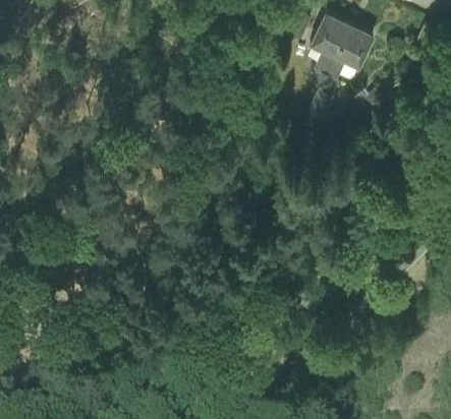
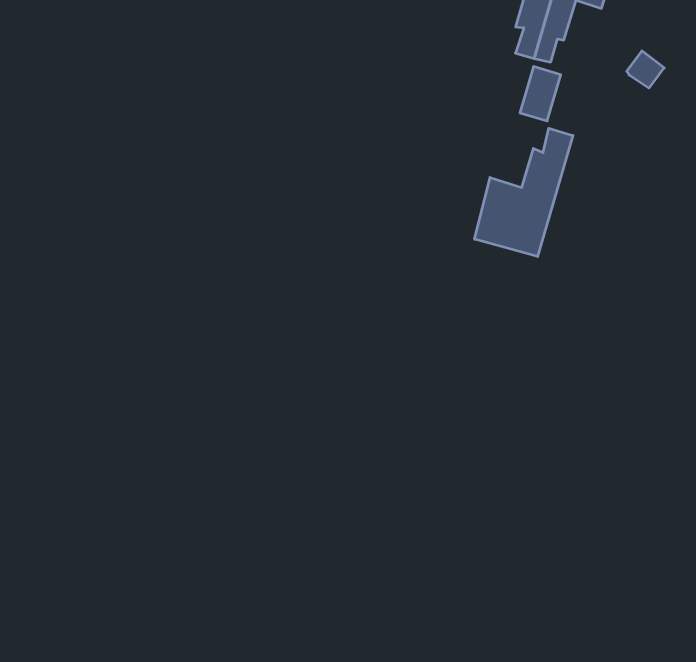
building: none -> [475,128,573,257]

